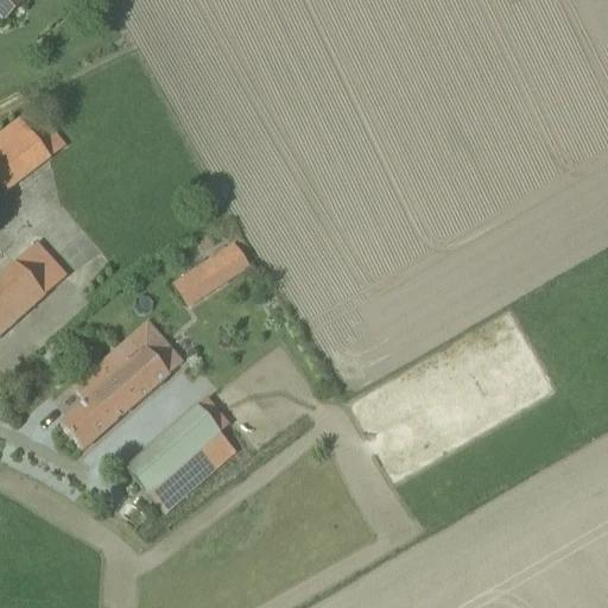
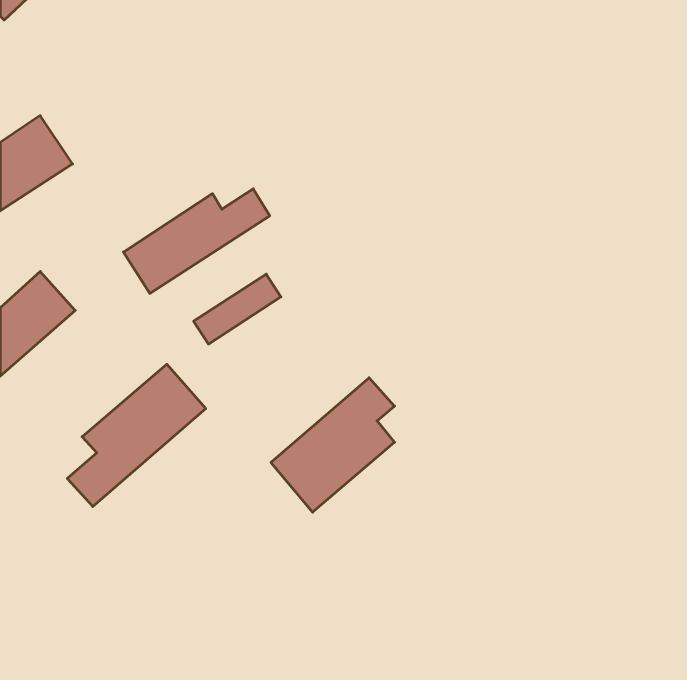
building: none -> [123,189,270,293]
building: [125,392,234,511] -> [271,378,395,512]

